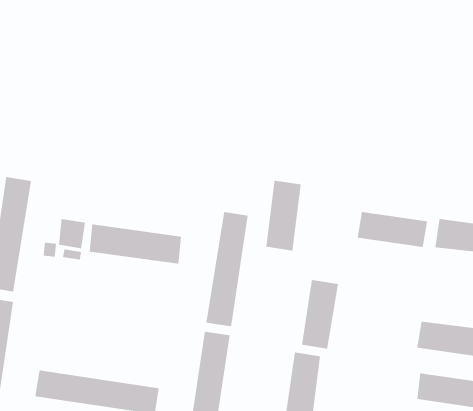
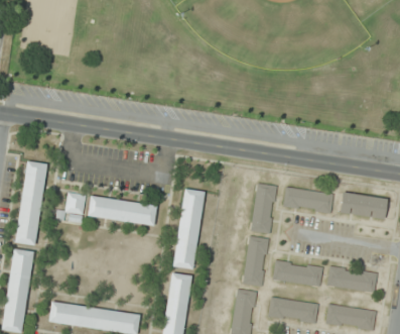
building: [266,180,302,251] -> [250,183,276,234]
building: none -> [272,259,322,287]
building: none -> [268,298,318,323]

